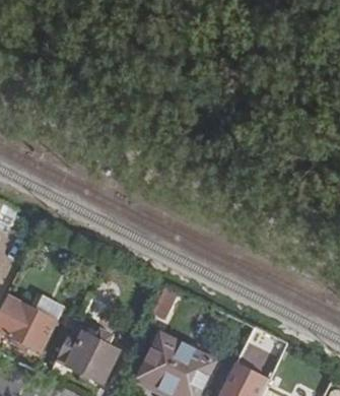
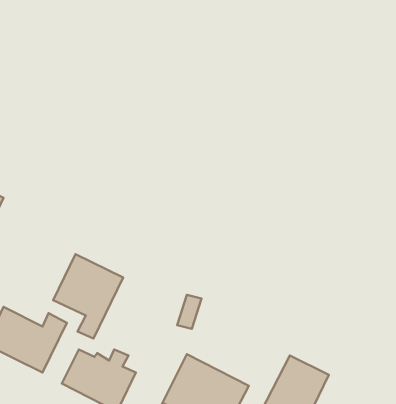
building: none -> [53,254,123,338]

